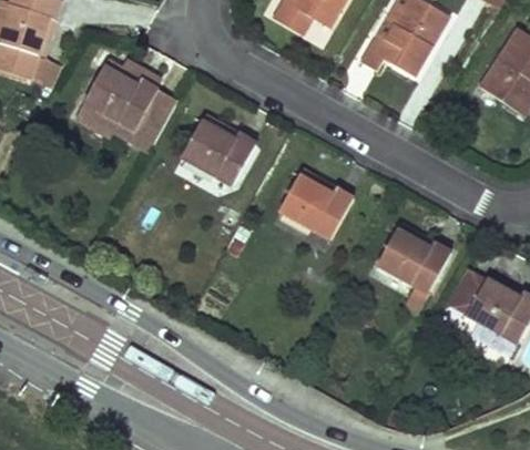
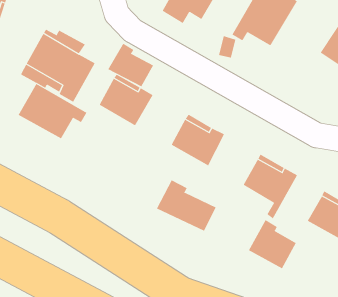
building: none -> [108,43,154,87]
building: none -> [18,83,87,139]
building: none -> [156,179,216,232]
building: none -> [248,219,297,269]

